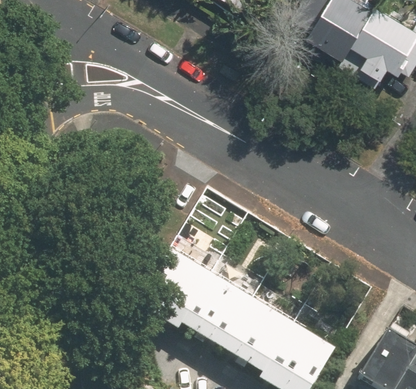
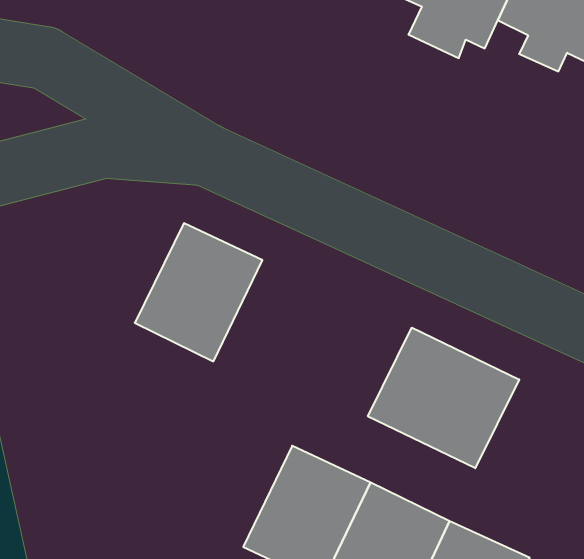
building: none -> [368,328,519,468]
building: [138,245,213,324] -> [135,223,262,361]

